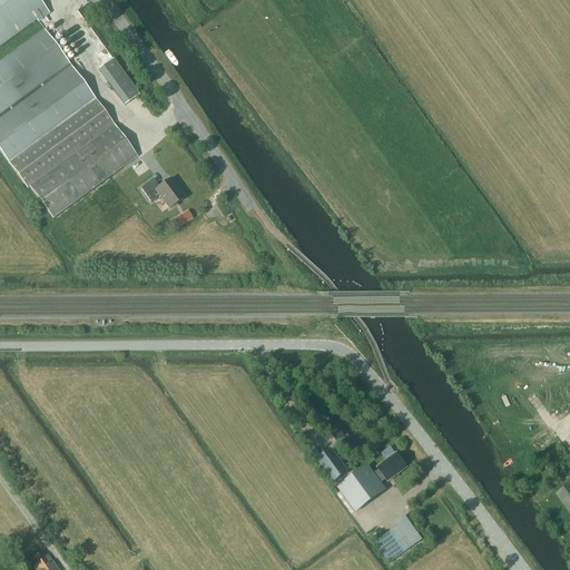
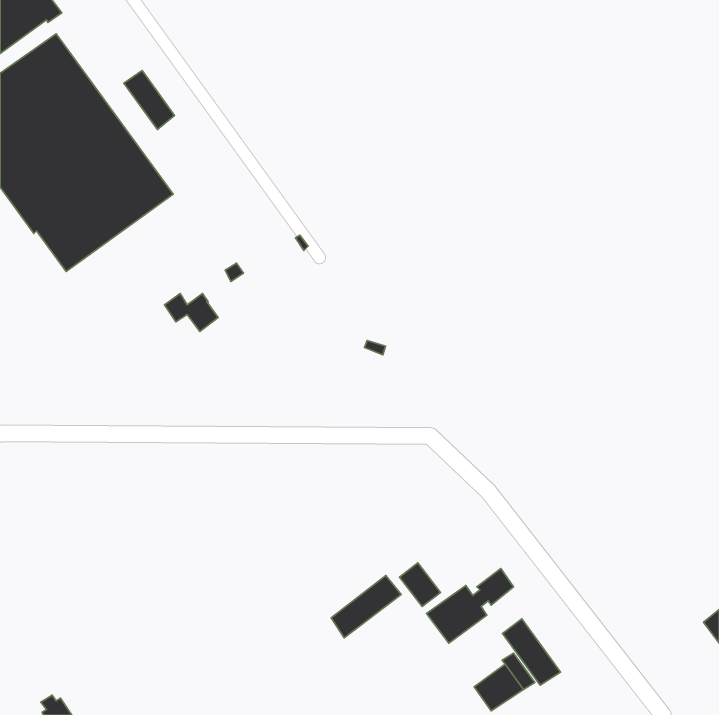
building: [141,176,184,206] -> [165,294,218,332]
building: none -> [331,576,401,638]
building: none -> [502,619,561,685]

